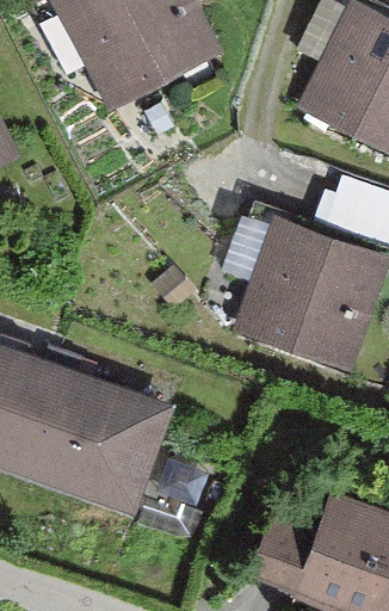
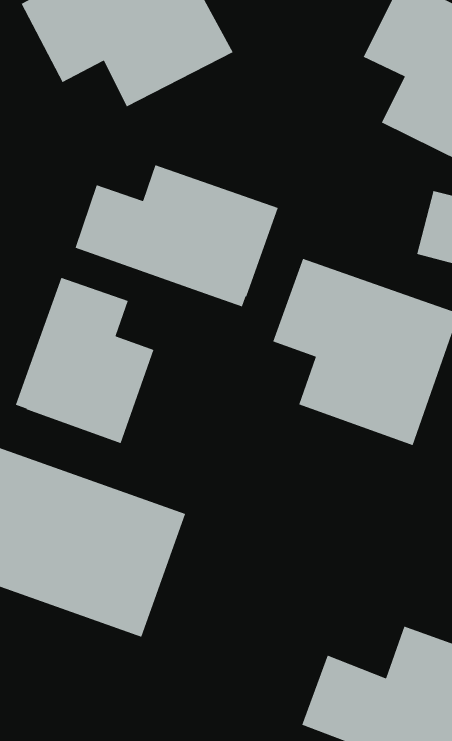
building: none -> [74,164,279,308]
building: none -> [15,277,155,444]

